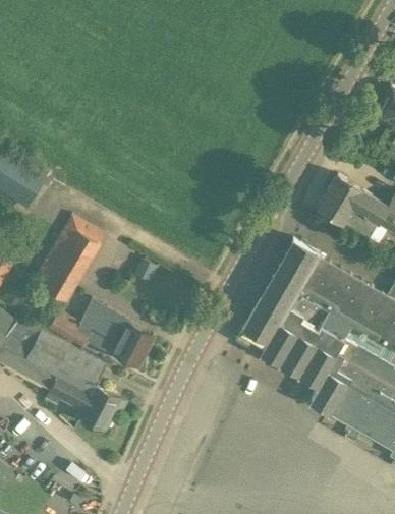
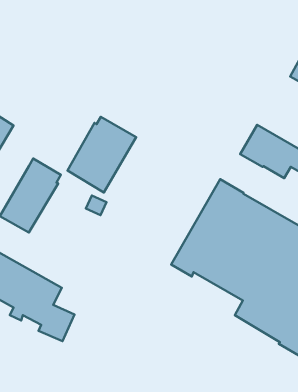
building: none -> [67,117,136,192]
building: [49,299,155,367] -> none

